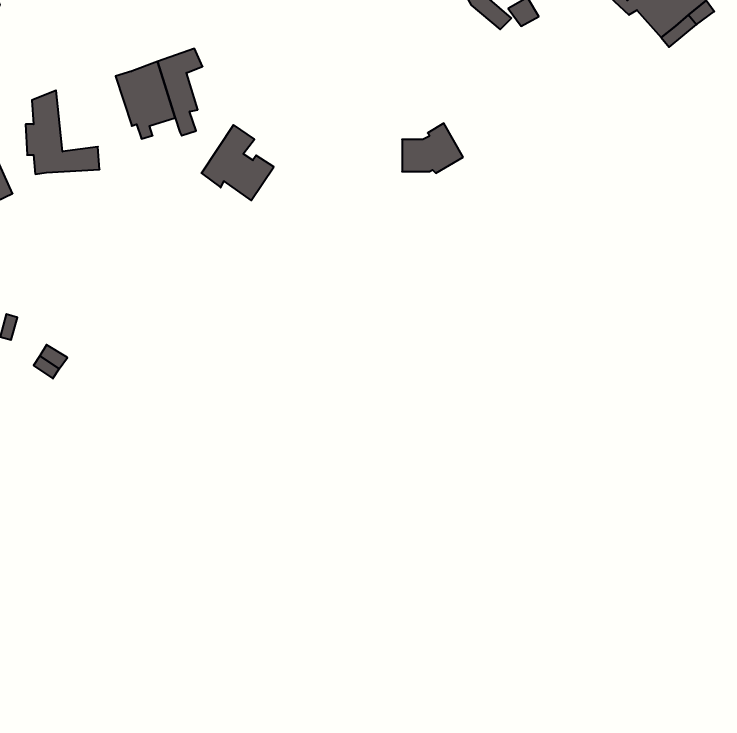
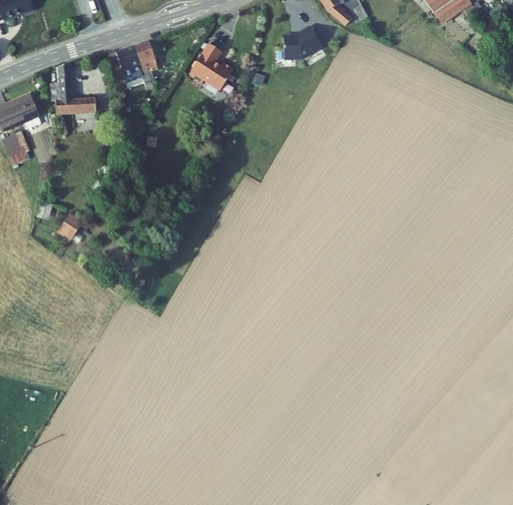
building: [402,123,463,173] -> [284,24,322,55]
building: [201,125,274,200] -> [187,37,232,84]

